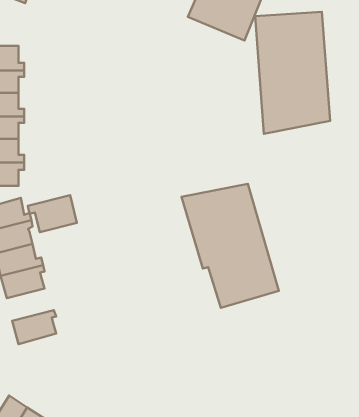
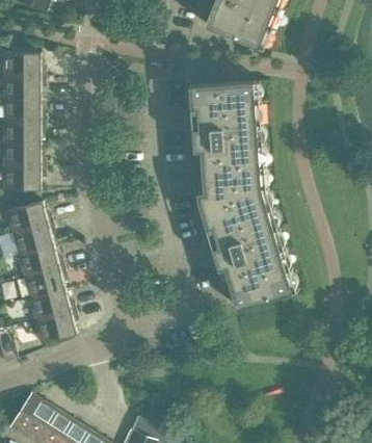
building: [255,12,330,134] -> [189,81,262,200]
building: [28,195,77,232] -> none
building: none -> [28,289,74,320]

